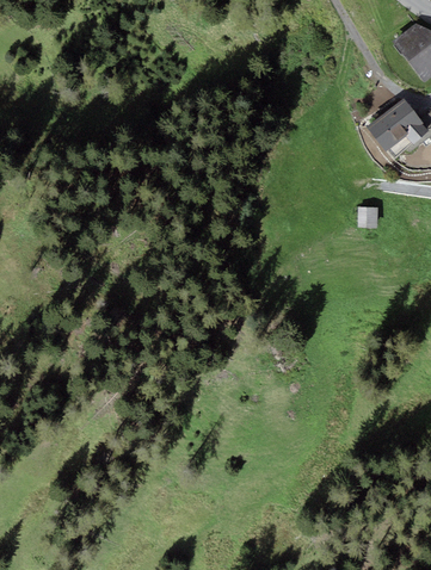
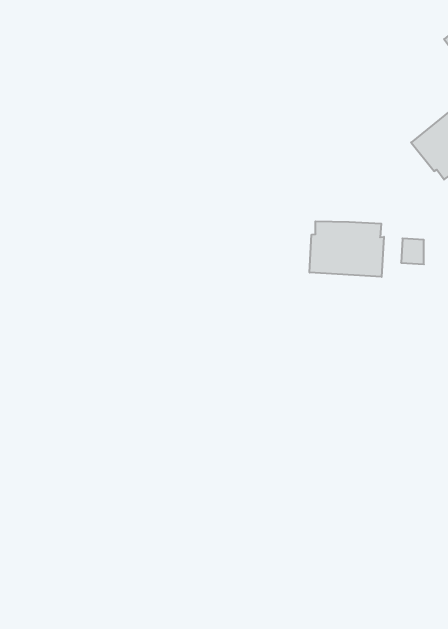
building: none -> [310,221,384,277]

